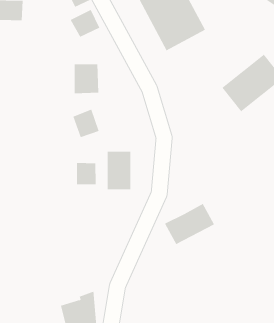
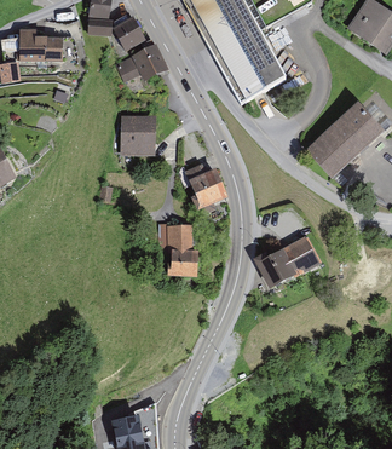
building: [72,109,100,138] -> [189,168,223,205]
building: [77,162,96,185] -> none
building: [164,203,215,245] -> [256,236,319,288]

